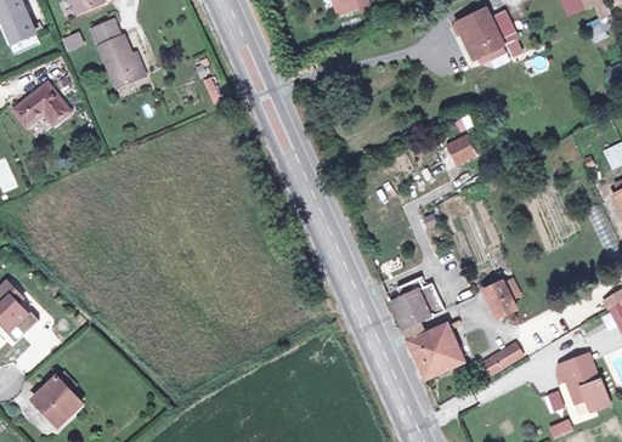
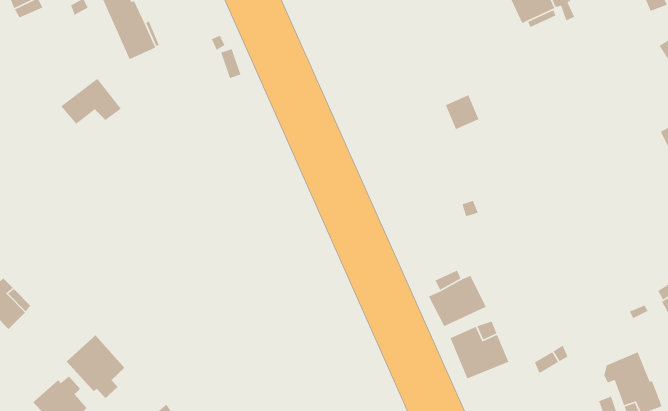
building: [13,80,69,123] -> [60,78,122,125]
building: [442,136,474,169] -> [445,94,480,130]
building: [482,279,518,319] -> none
building: none -> [66,334,125,399]

